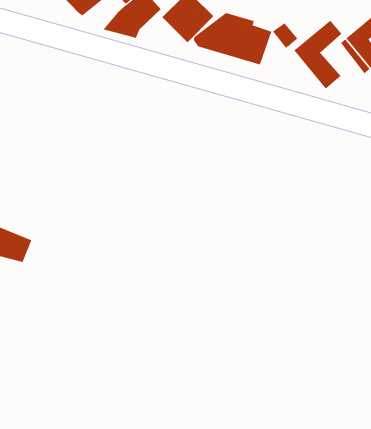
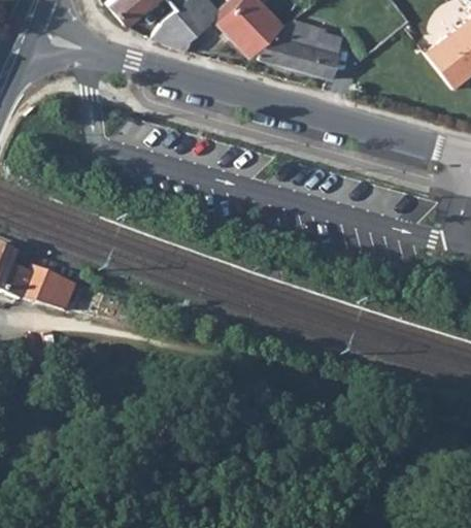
building: [294,20,342,90] -> none

